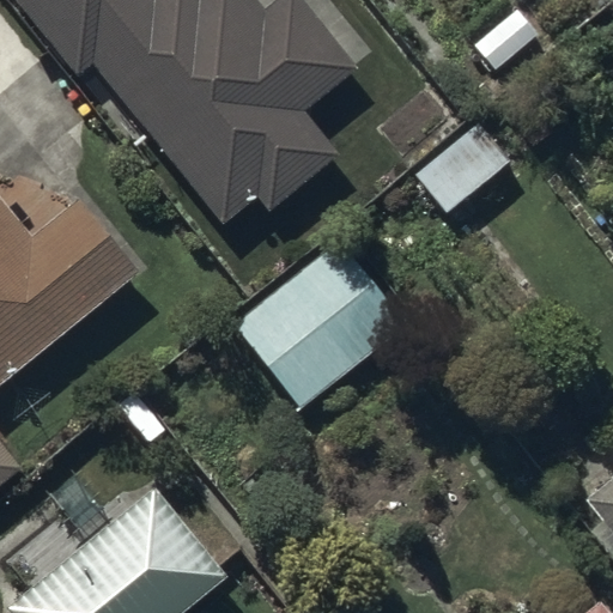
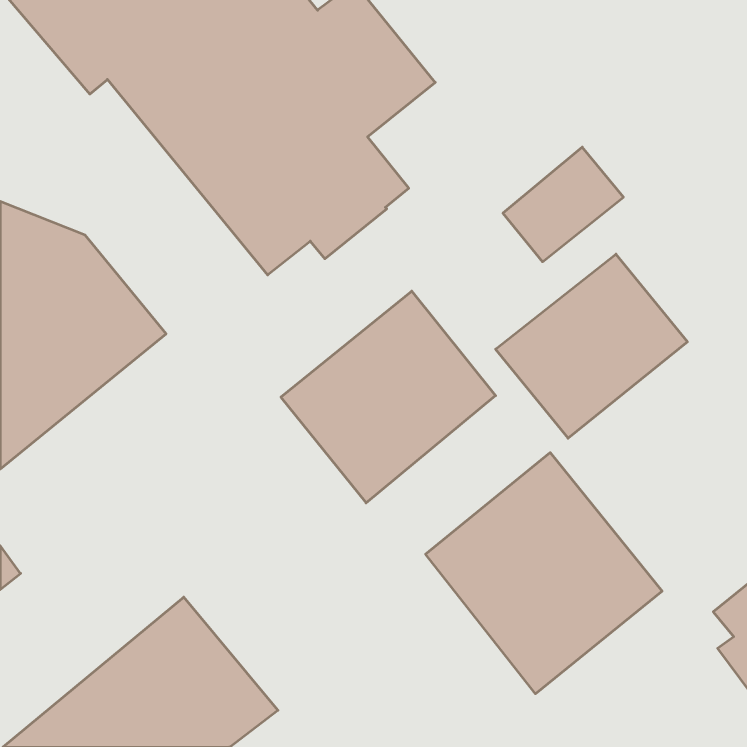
building: none -> [496,254,687,438]
building: none -> [426,453,662,694]

